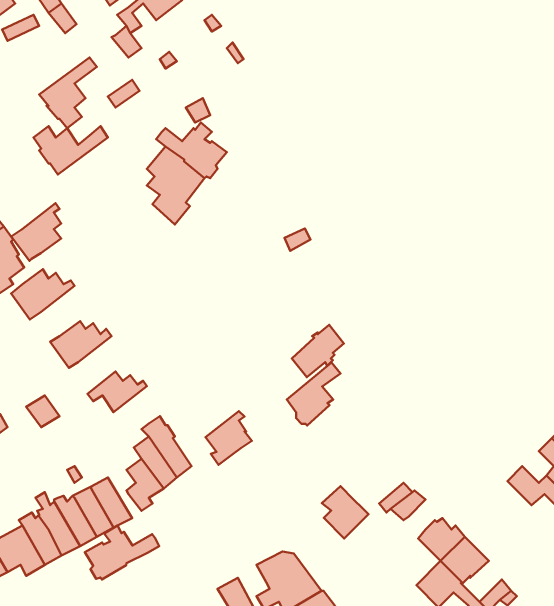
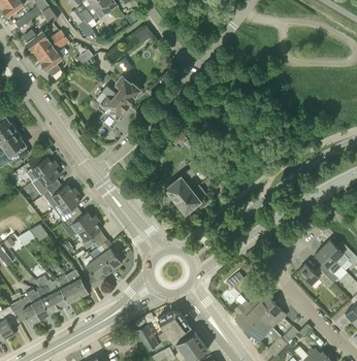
building: [34,126,108,174] -> [24,31,65,58]
building: [11,203,61,261] -> [32,164,60,196]
building: none -> [54,192,80,224]
building: [287,362,341,426] -> [166,169,196,204]
building: [205,411,252,465] -> [78,220,104,250]
building: [322,486,368,538] -> [234,301,260,330]
building: [85,526,159,580] -> none

